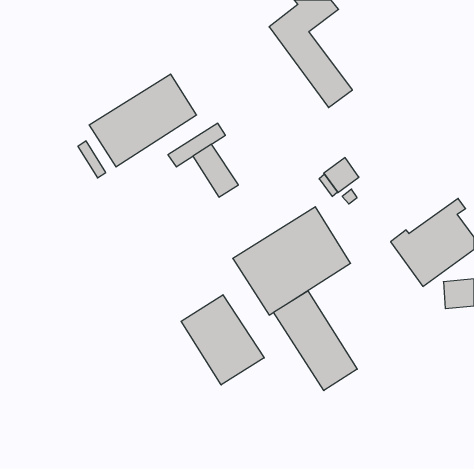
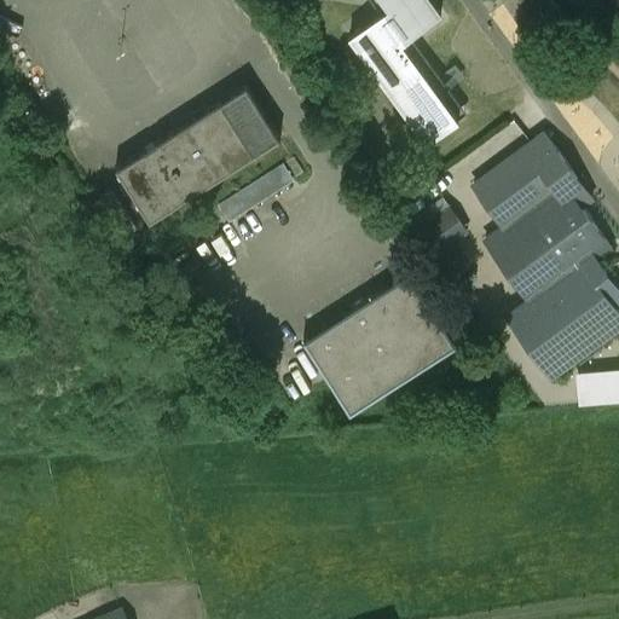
building: none -> [474,139,612,311]
building: [193,144,238,197] -> [222,87,282,156]
building: [273,291,357,391] -> none
building: [181,295,264,385] -> none

